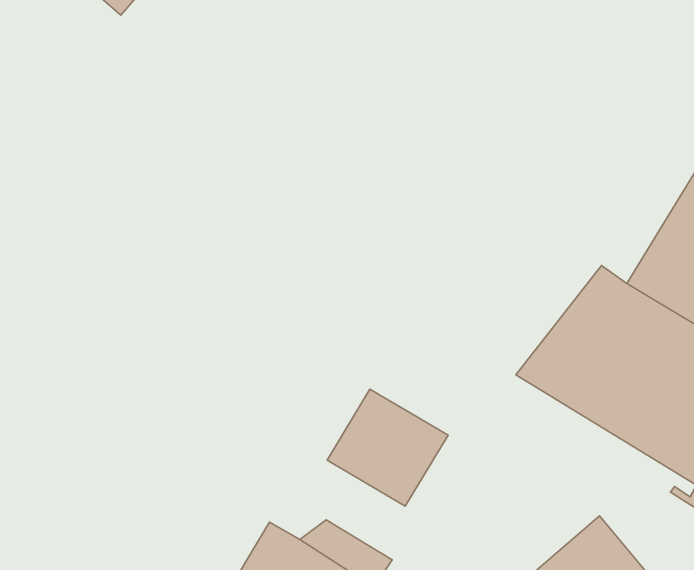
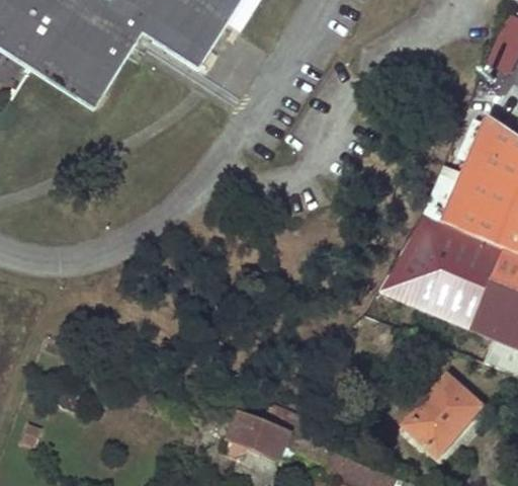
building: [327,389,448,506] -> none

